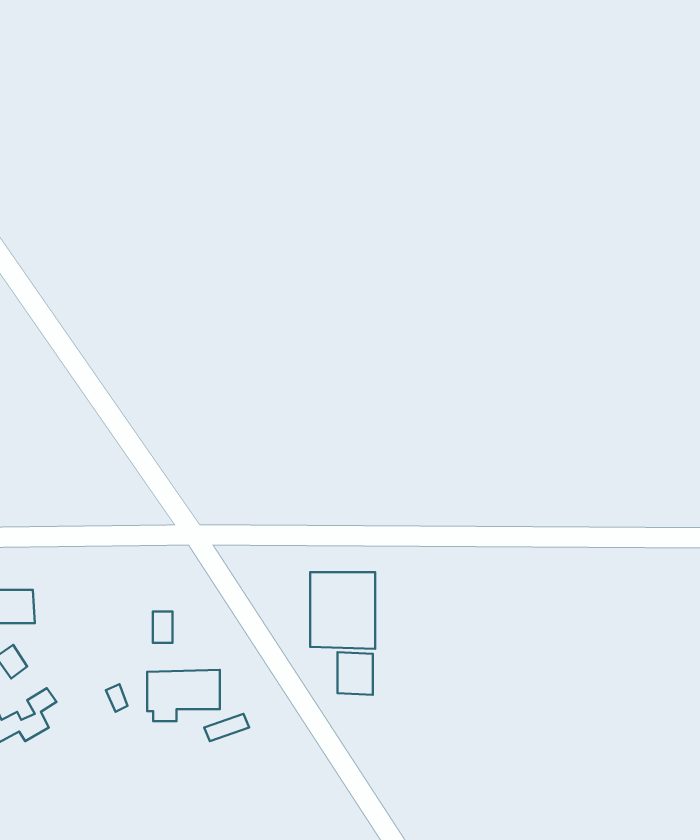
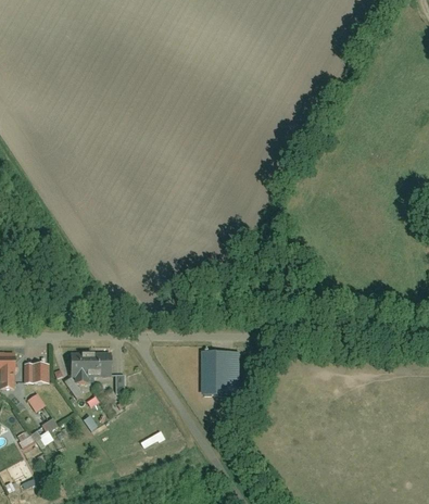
building: [337,652,373,695] -> none
building: [147,670,220,721] -> [70,353,110,381]

